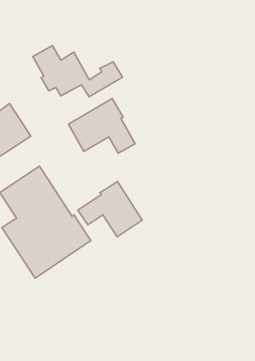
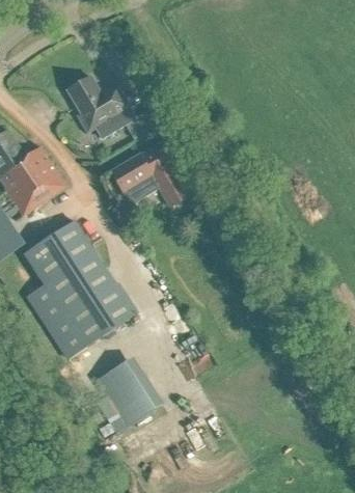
building: [78,181,142,237] -> none
building: none -> [95,352,164,432]

